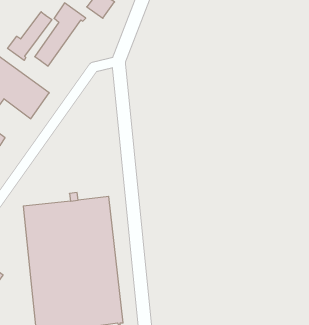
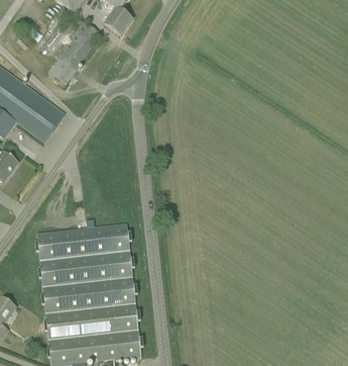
building: [8,12,52,60] -> none

